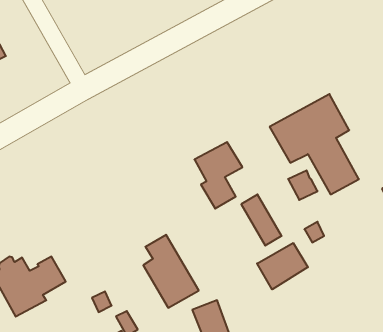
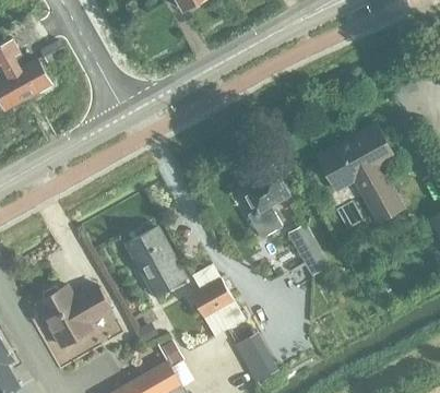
building: none -> [127,228,186,298]
building: [257,243,308,289] -> none

